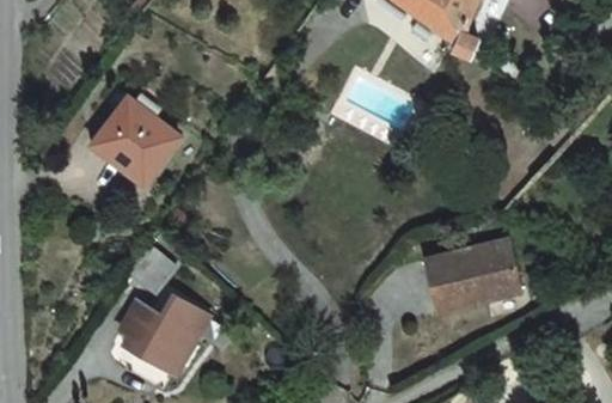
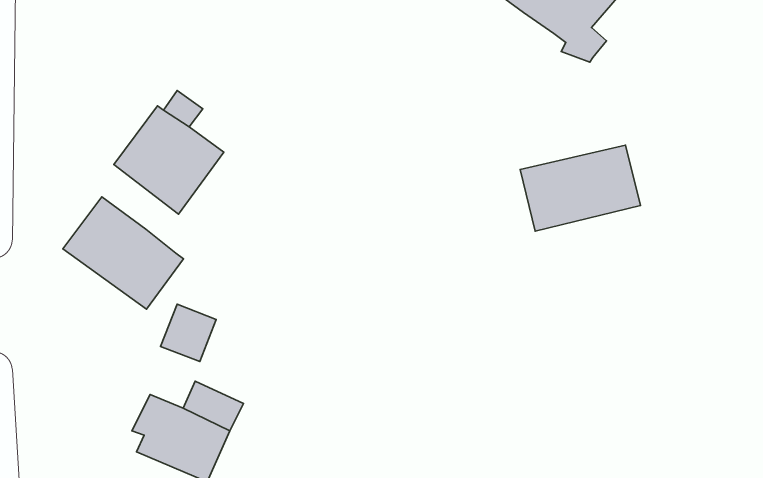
building: none -> [63,197,183,309]
building: [422,240,518,309] -> [520,145,641,231]

